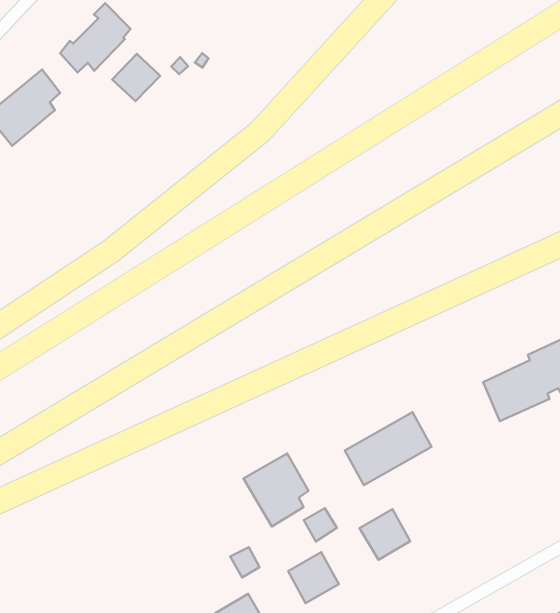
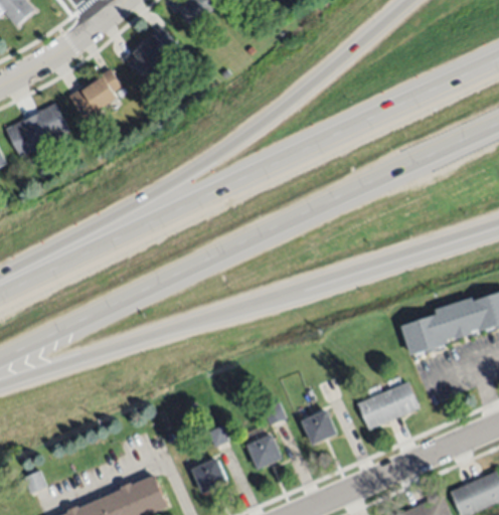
building: [112,54,160,101] -> none
building: [345,412,432,485] -> [357,382,420,431]
building: [243,453,309,526] -> none

